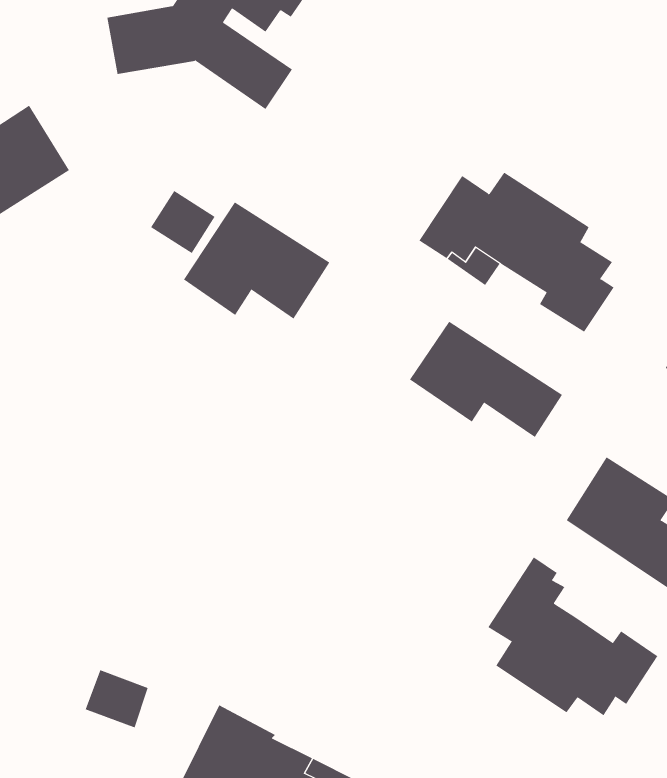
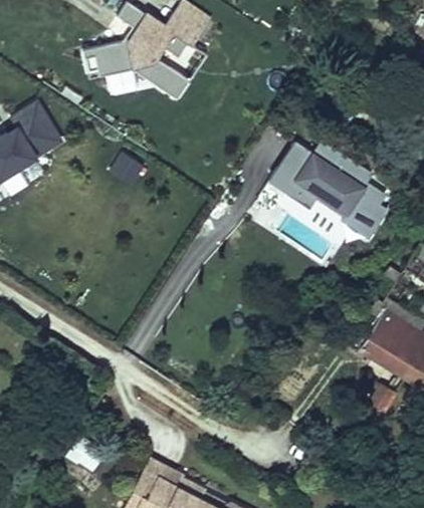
building: [183,201,330,319] -> none
building: [409,321,563,438] -> none
building: [488,557,658,716] -> none

